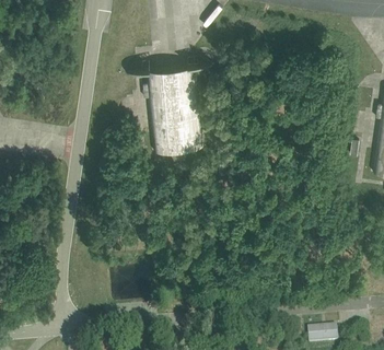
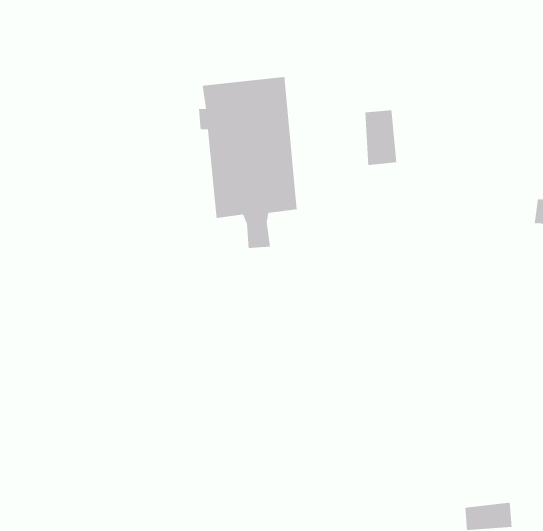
building: none -> [365,109,397,166]

